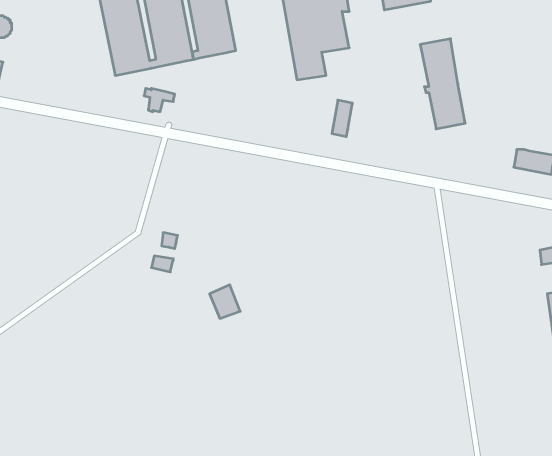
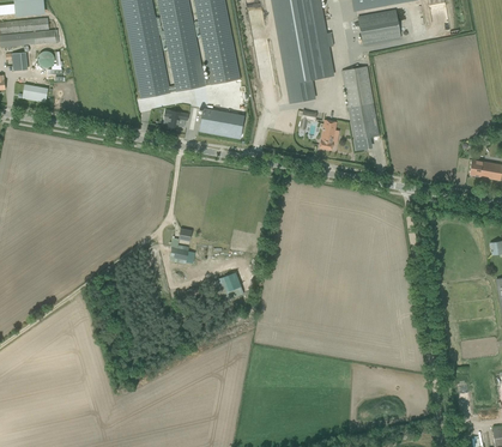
building: [420,39,465,129] -> [341,65,379,139]
building: none -> [199,107,244,138]

